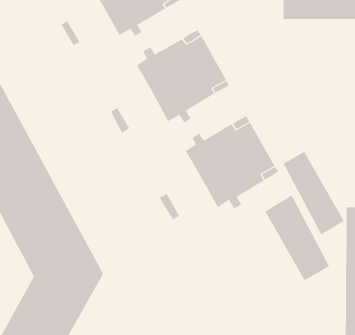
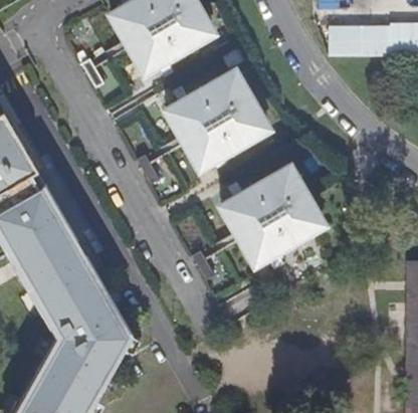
building: [283,151,344,235] -> none
building: [264,195,330,281] -> none

